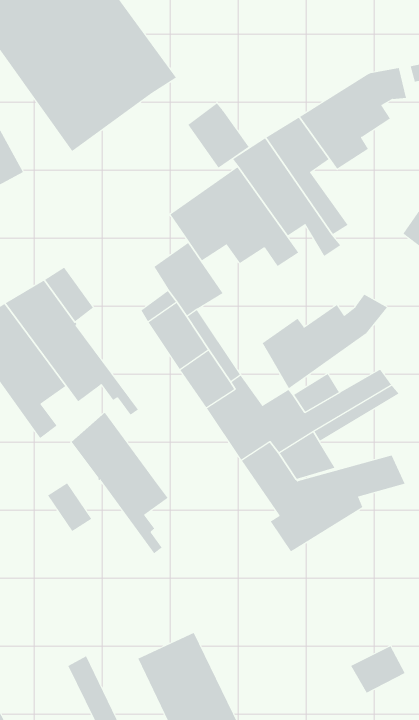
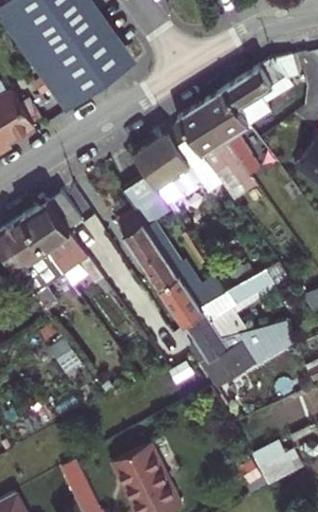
building: [187,102,249,169] -> none
building: [262,294,388,389] -> none
building: [71,412,168,554] -> none

